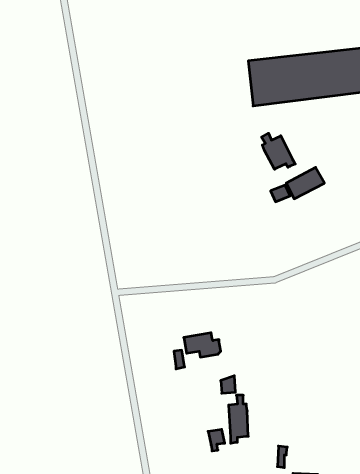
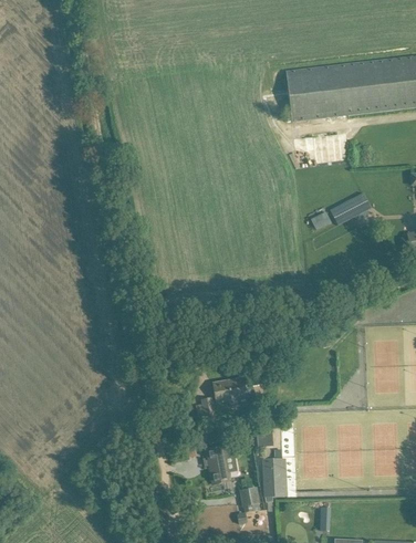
building: [262,133,295,169] -> none
building: none -> [205,445,236,484]

